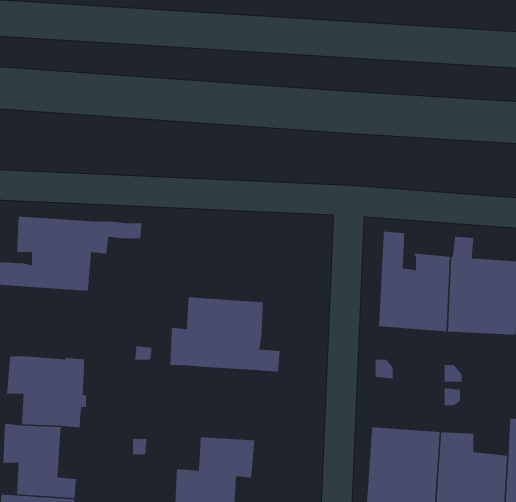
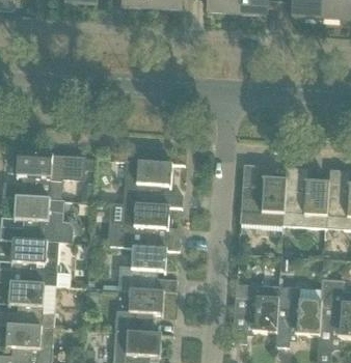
building: none -> [123,160,185,207]
building: none -> [14,197,73,243]
building: none -> [117,247,178,292]

